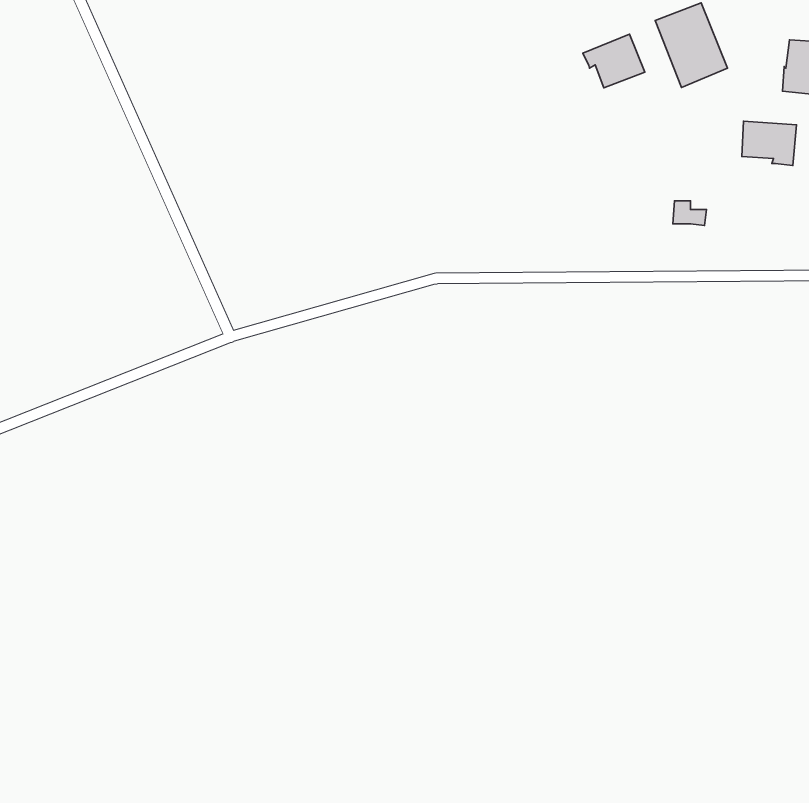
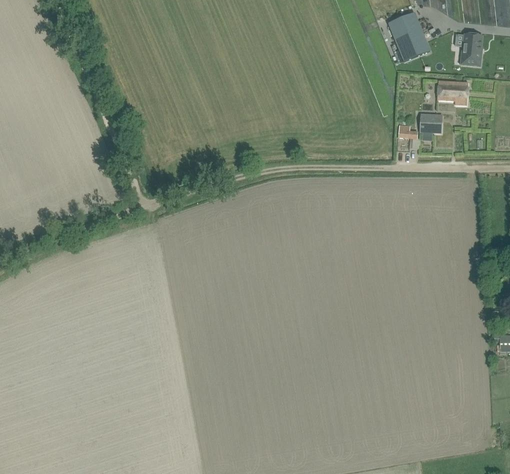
building: [583,34,645,88] -> none
building: none -> [420,114,441,132]

